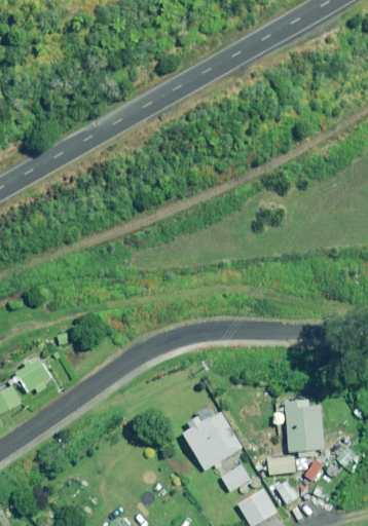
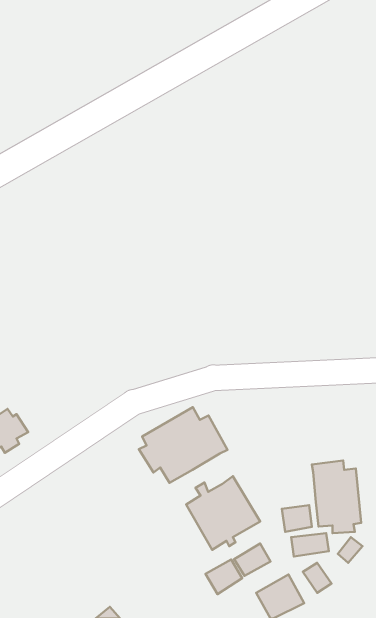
building: none -> [139,407,228,483]
building: none -> [282,505,312,532]
building: none -> [206,559,242,594]

